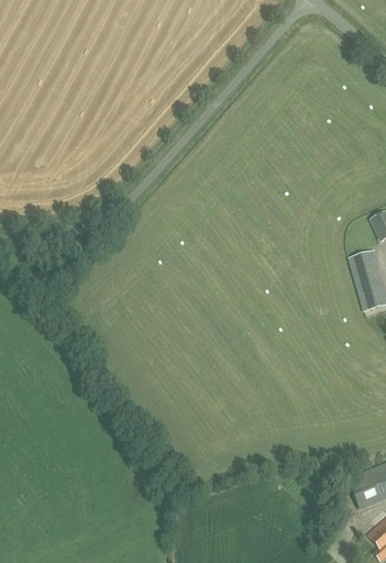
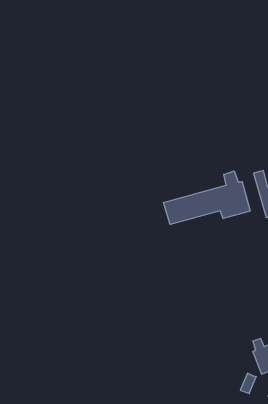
building: none -> [164,171,250,224]

